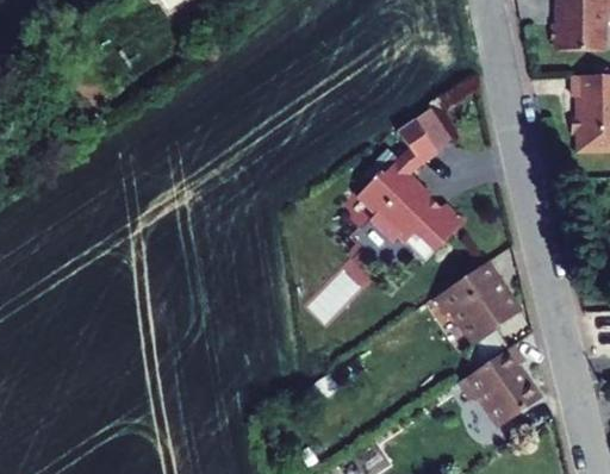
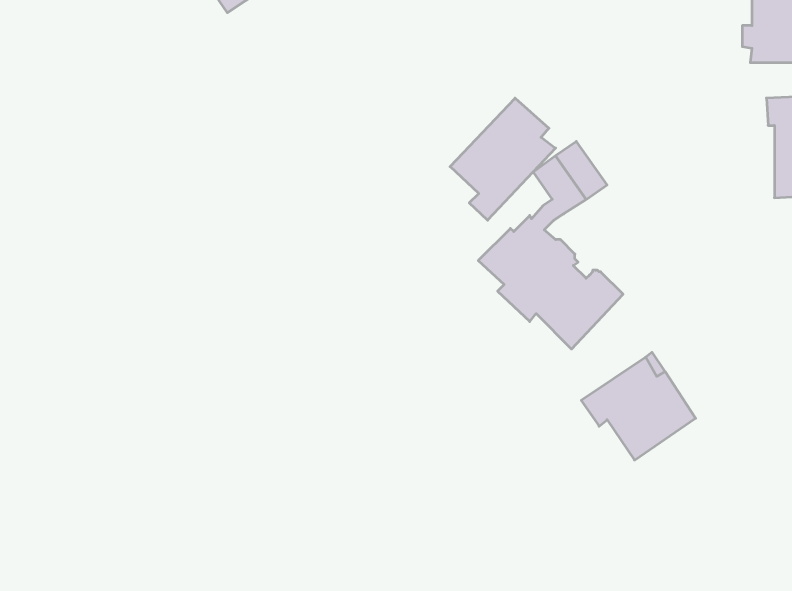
building: none -> [450,98,556,220]
building: [459,347,542,429] -> none

